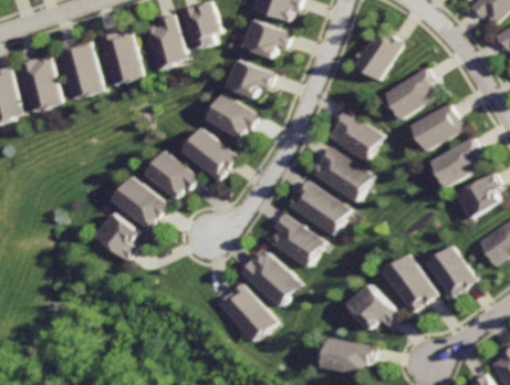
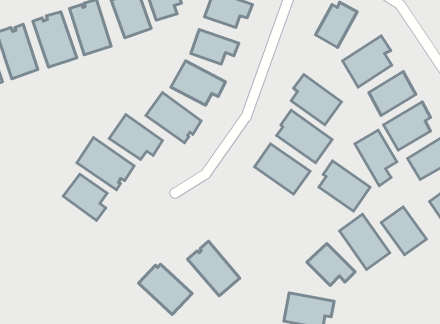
building: none -> [355,130,397,186]
building: [271,214,325,267] -> [319,161,370,211]
building: [243,252,300,305] -> [139,264,192,315]

